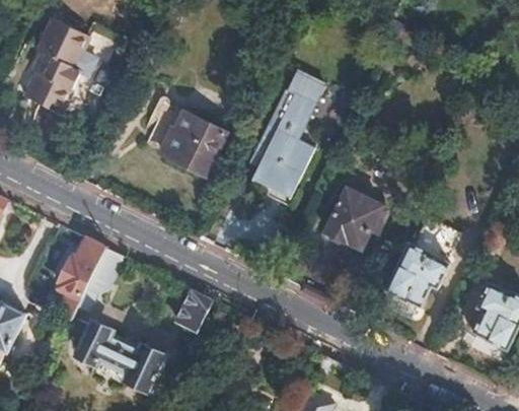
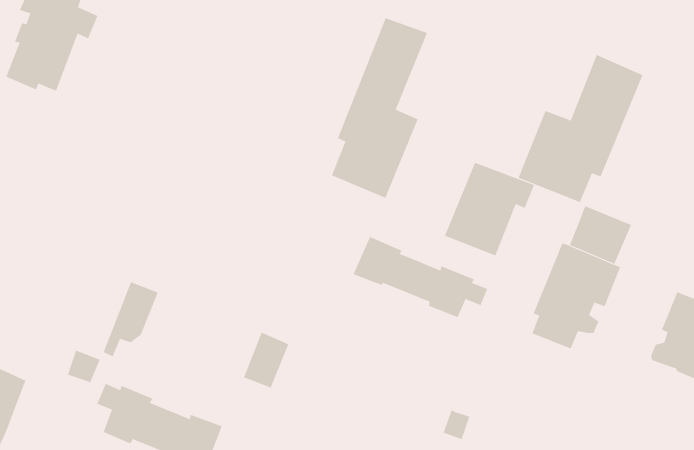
building: [145,105,224,172] -> none
building: none -> [518,54,643,203]
building: none -> [353,236,488,318]
building: [58,239,101,296] -> none

